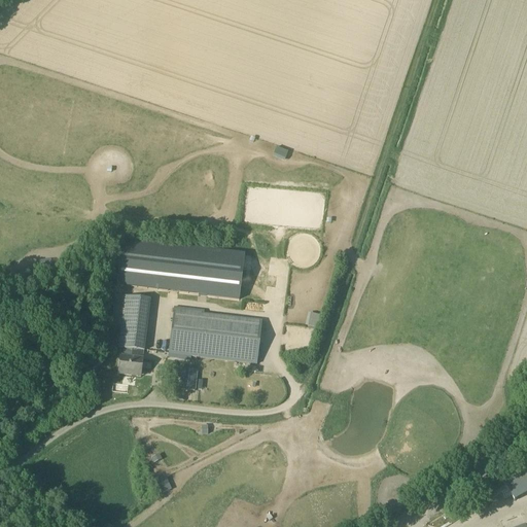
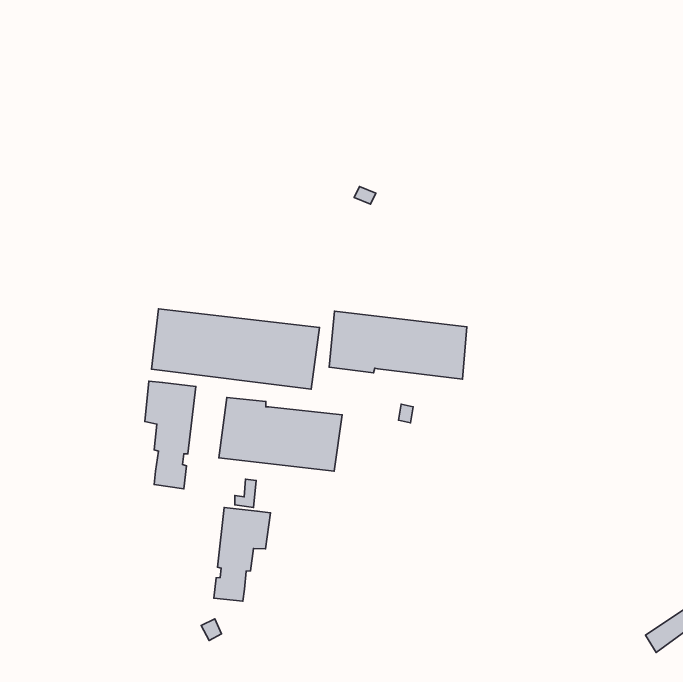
building: none -> [329,311,467,379]
building: none -> [214,507,270,601]

